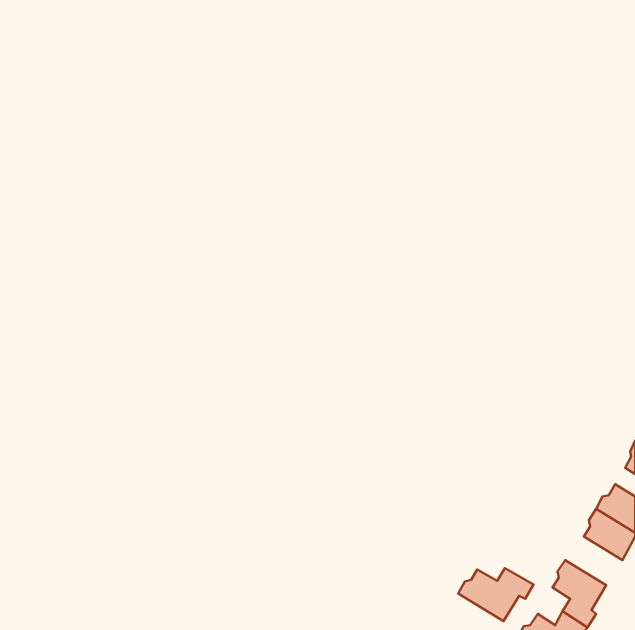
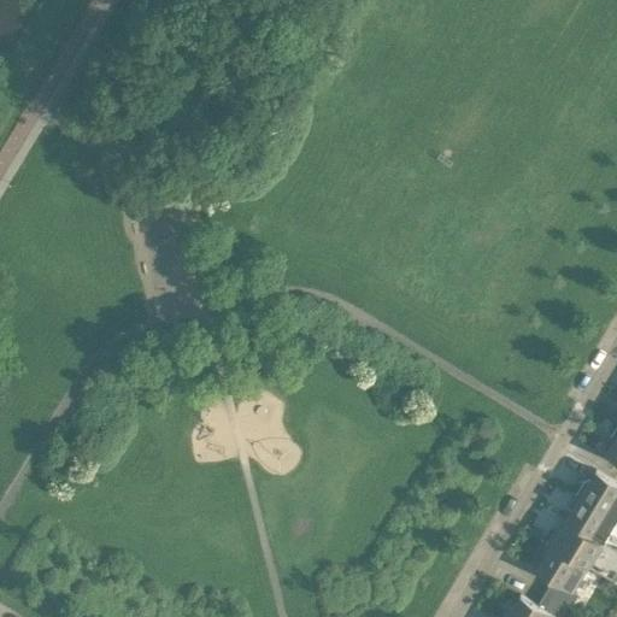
building: none -> [546,525,601,572]
building: [458,568,534,621] -> none

